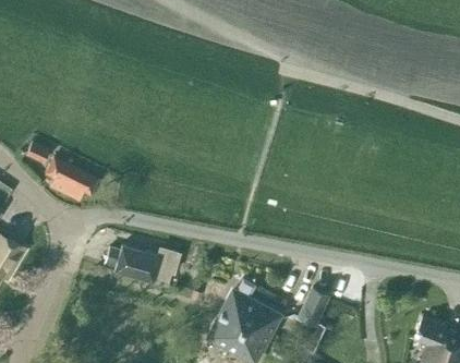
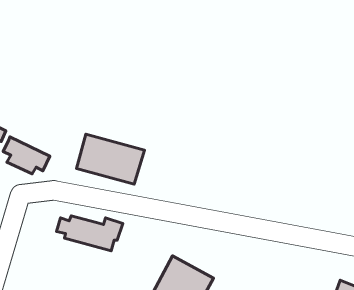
building: none -> [76,134,144,184]
building: [298,288,328,324] -> none

